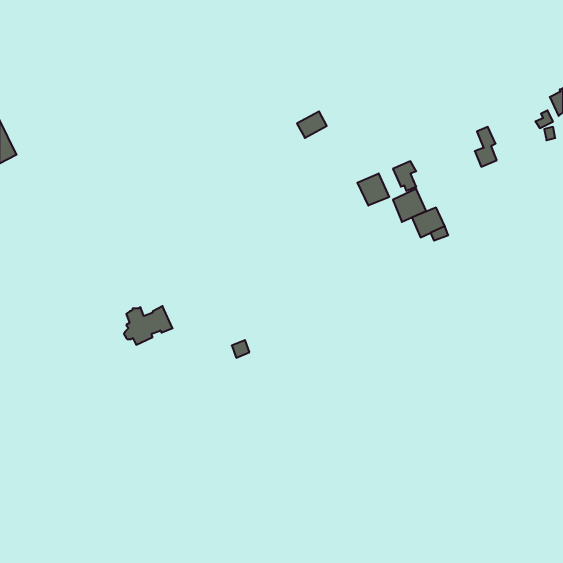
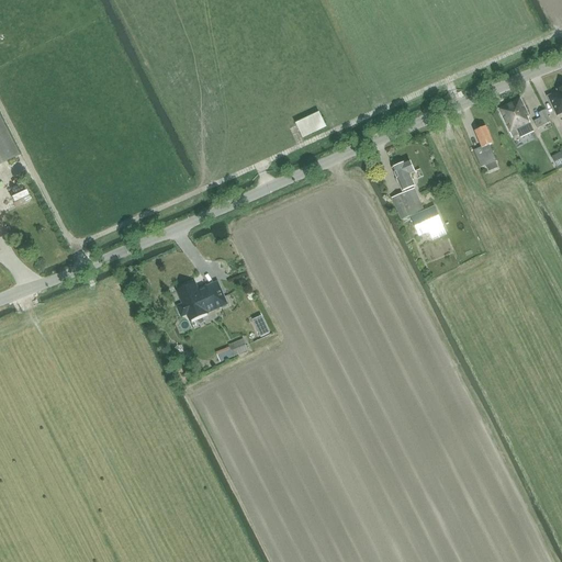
building: none -> [497,99,532,137]
building: [357,173,389,206] -> none
building: [124,306,173,345] -> [180,281,228,319]

